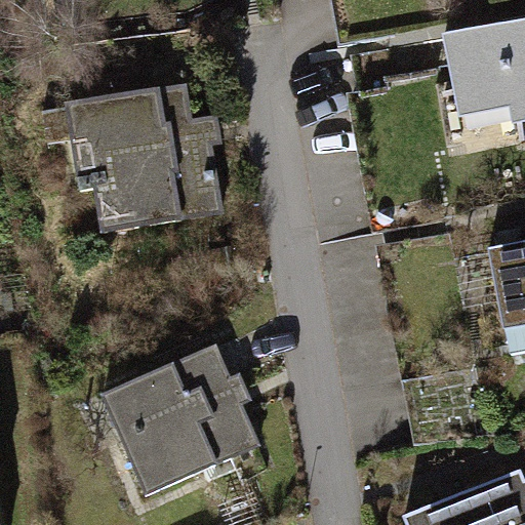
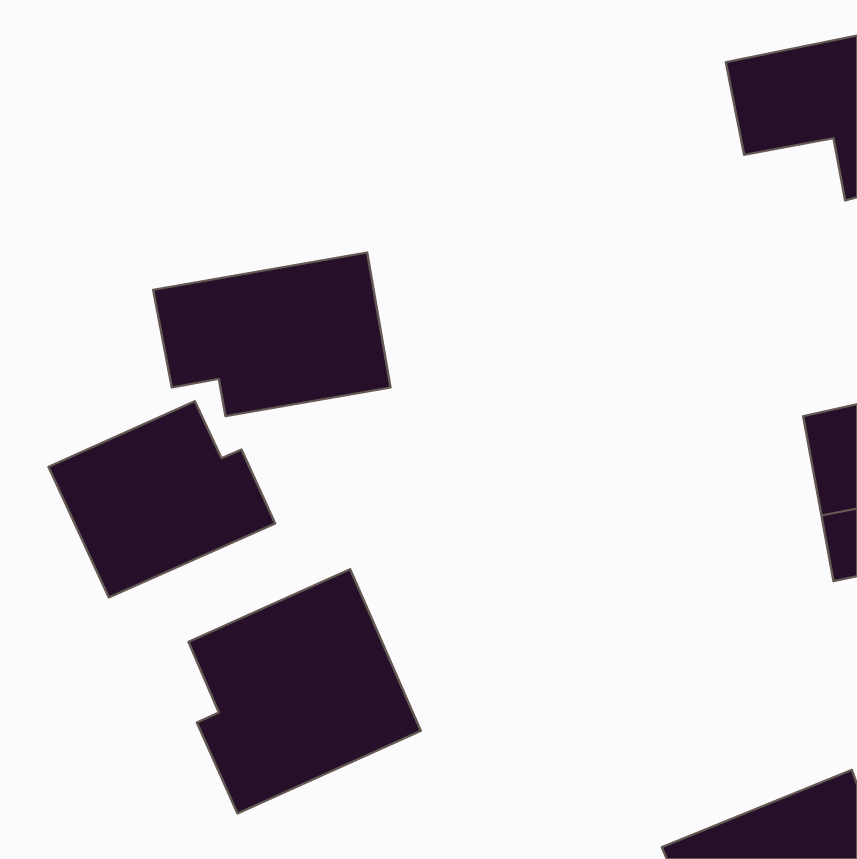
building: [84,72,224,176] -> none
building: none -> [49,401,275,598]

